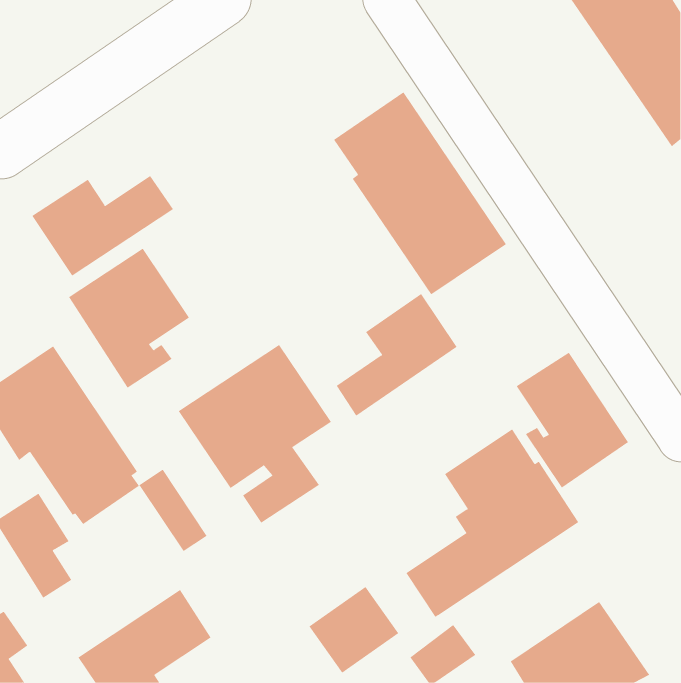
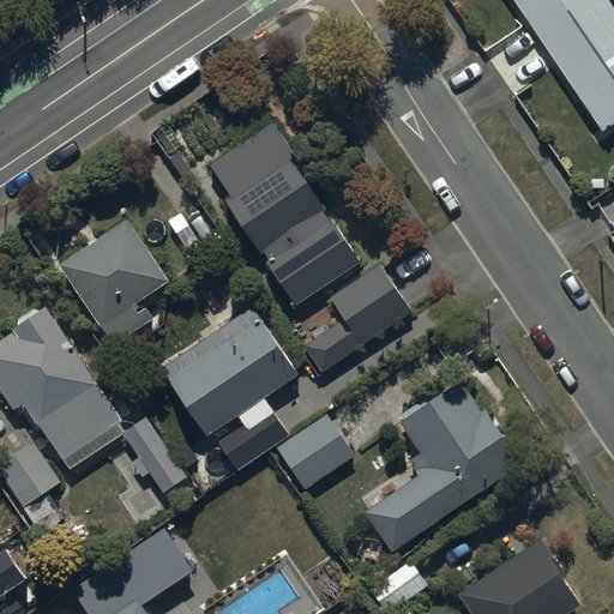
building: [333,92,507,295] -> [206,121,362,303]
building: [32,175,174,277] -> none
building: [516,352,629,488] -> none
building: [308,586,399,673] -> [272,415,354,493]

